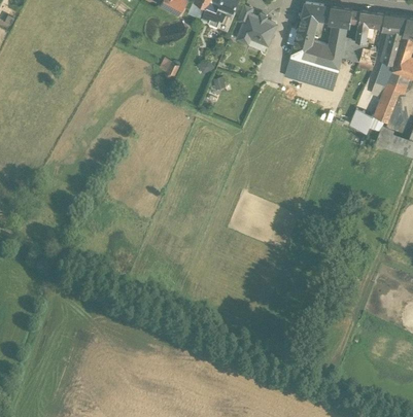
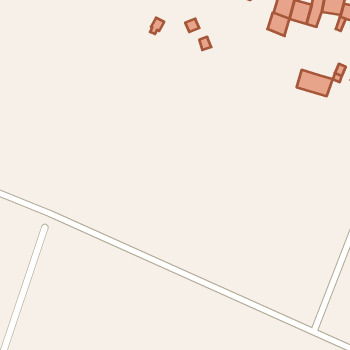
building: [302,63,339,90] -> [297,70,333,96]

